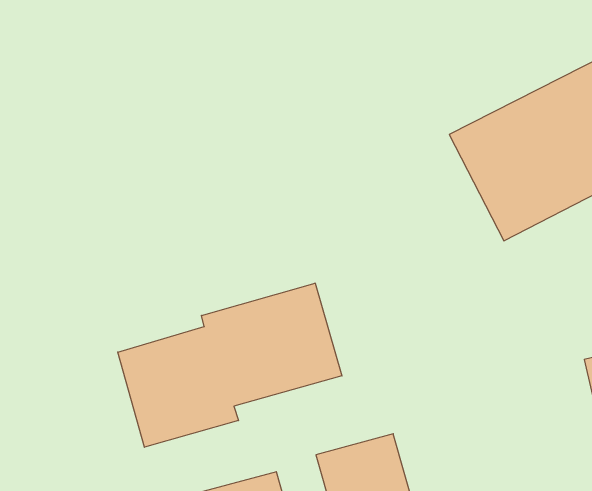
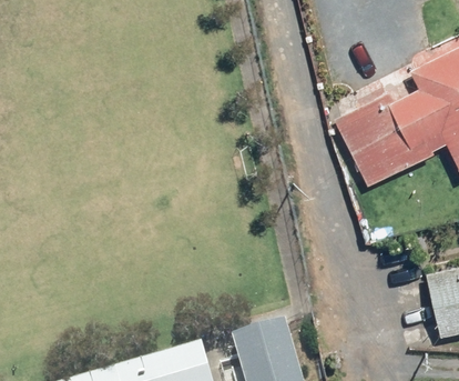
building: [118,283,342,447] -> none

